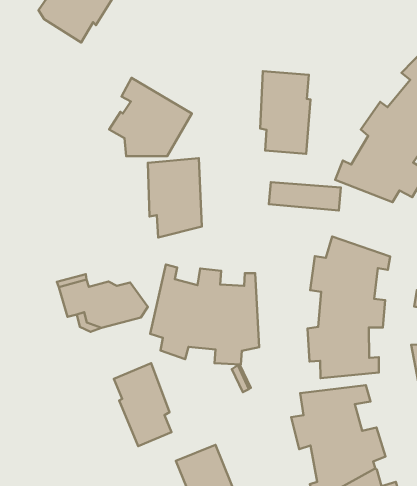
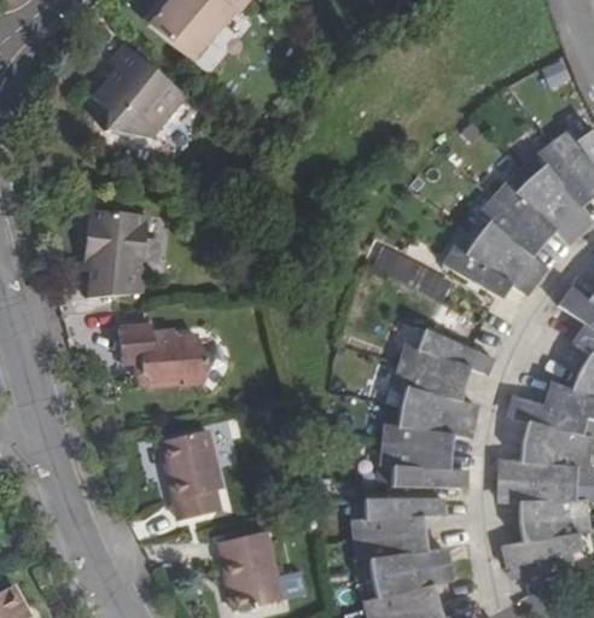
building: [260,71,311,154] -> none
building: [109,78,192,156] -> [89,47,185,141]
building: [148,158,202,238] -> [86,212,151,298]
building: [150,264,259,364] -> none

